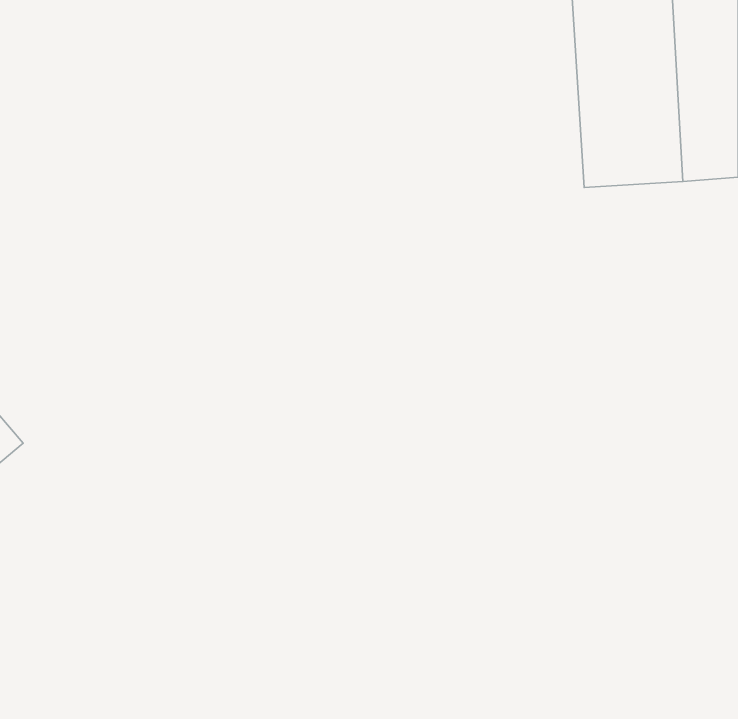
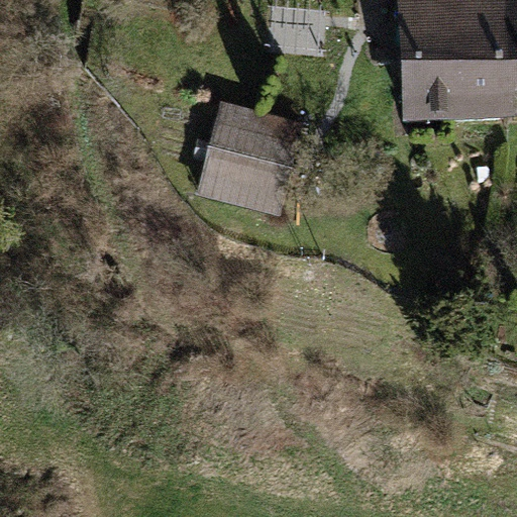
building: none -> [203,104,294,197]

